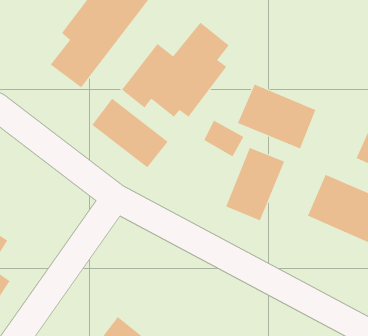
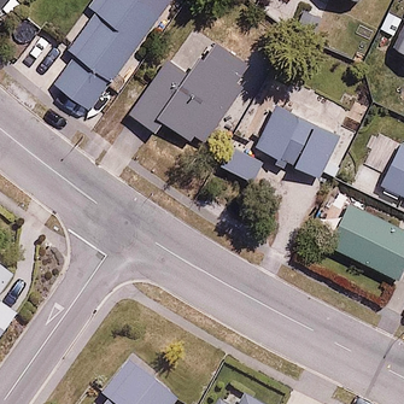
building: [91,98,169,168] -> none
building: [226,147,285,221] -> none

